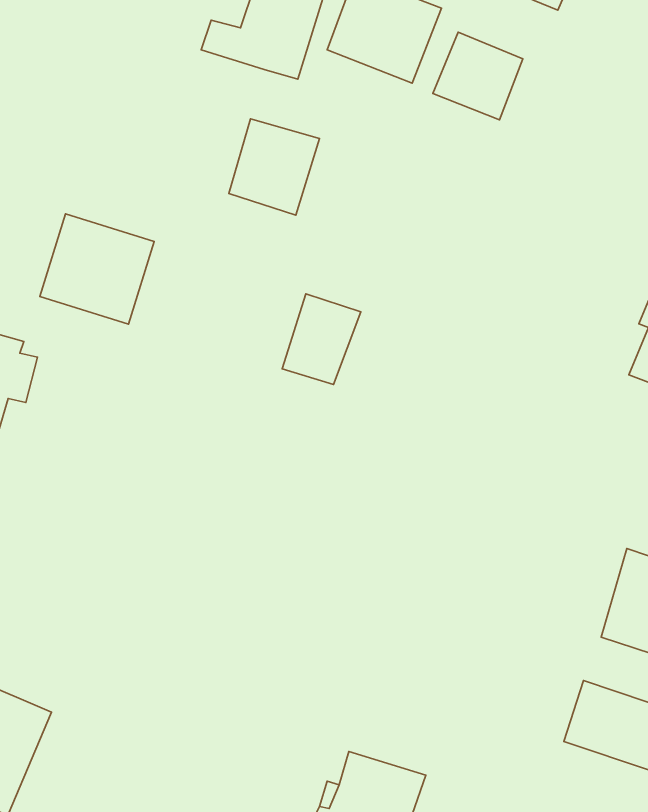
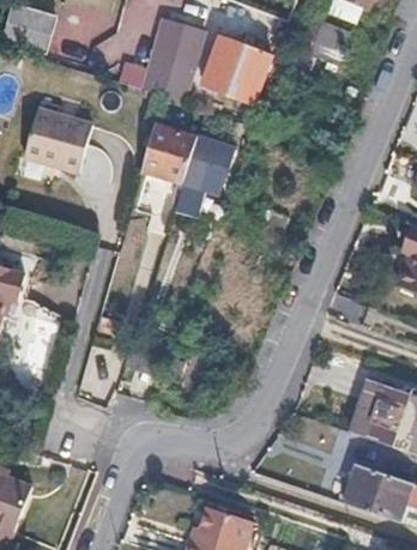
building: [433,32,523,120] -> none
building: [40,214,154,324] -> [23,105,92,173]
building: [282,294,361,385] -> [186,137,234,192]

